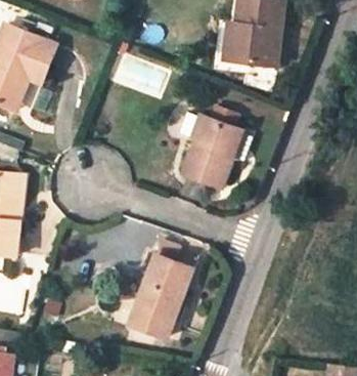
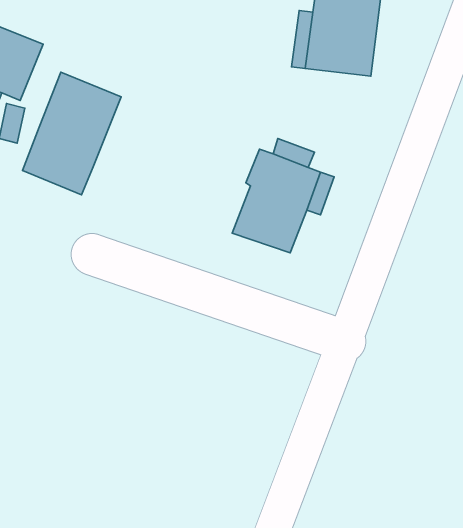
building: none -> [22,72,121,195]
building: [130,255,191,336] -> none

